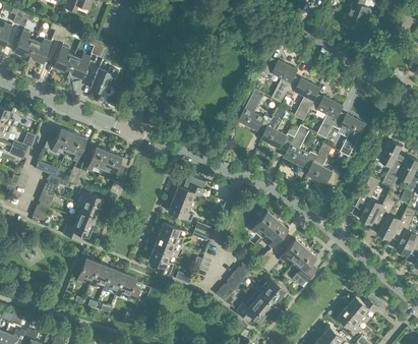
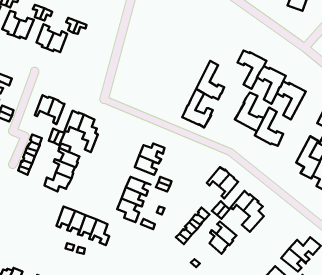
building: [263,58,297,103] -> none
building: [89,67,117,94] -> none
building: [260,107,296,152] -> [182,89,213,128]
building: [235,300,267,323] -> none

